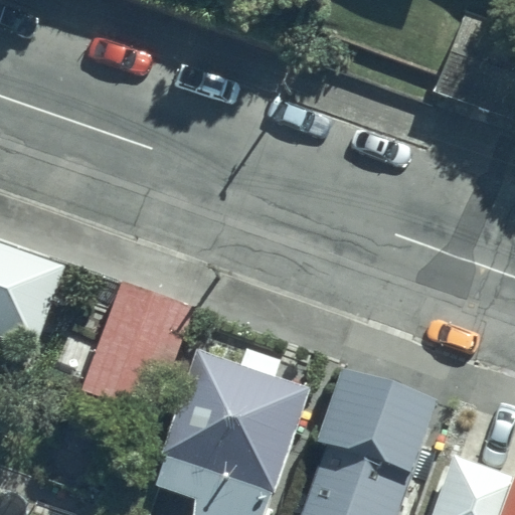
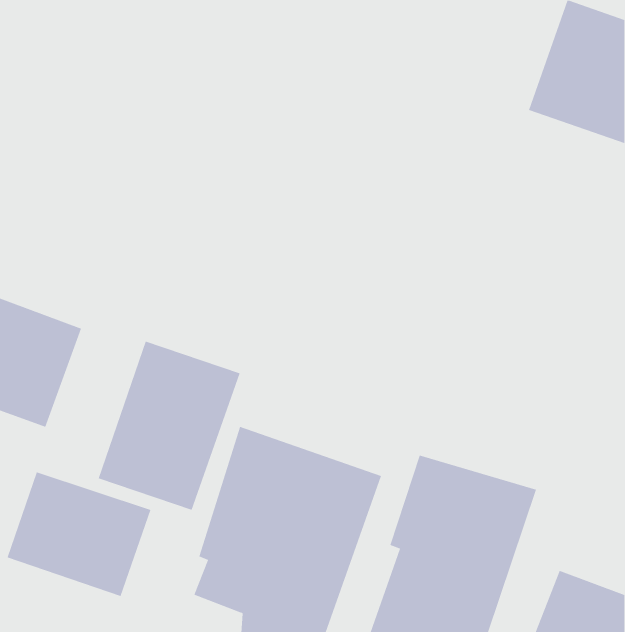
building: none -> [7,471,151,597]

